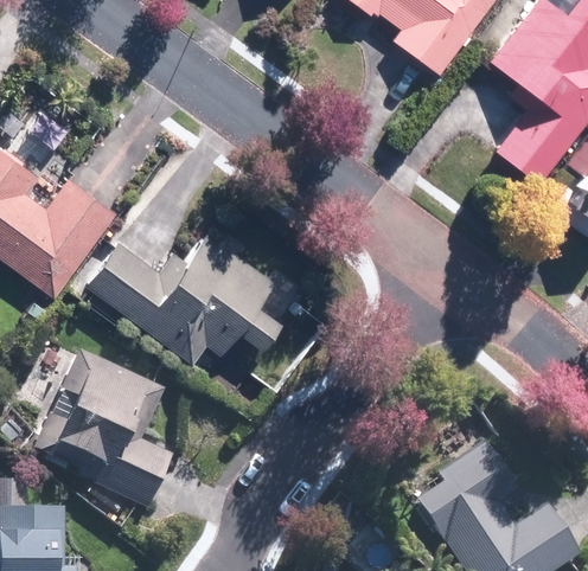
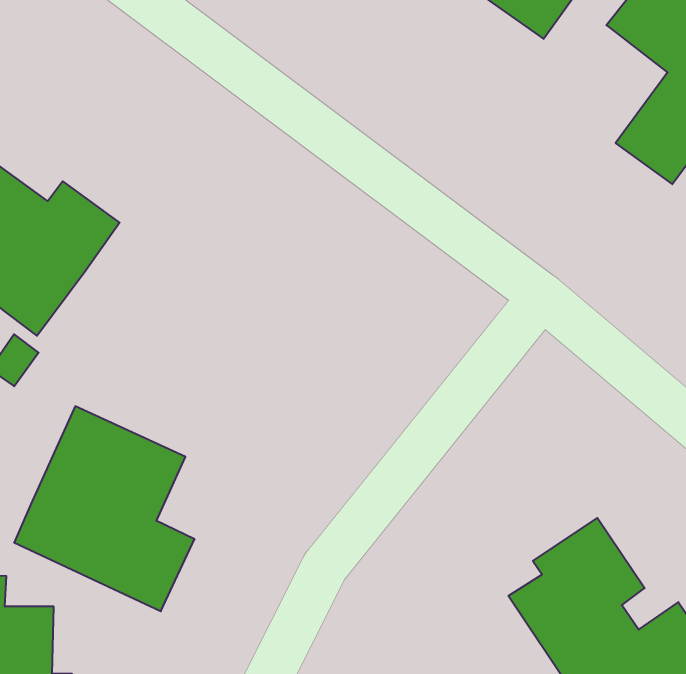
building: [90,231,276,360] -> none

